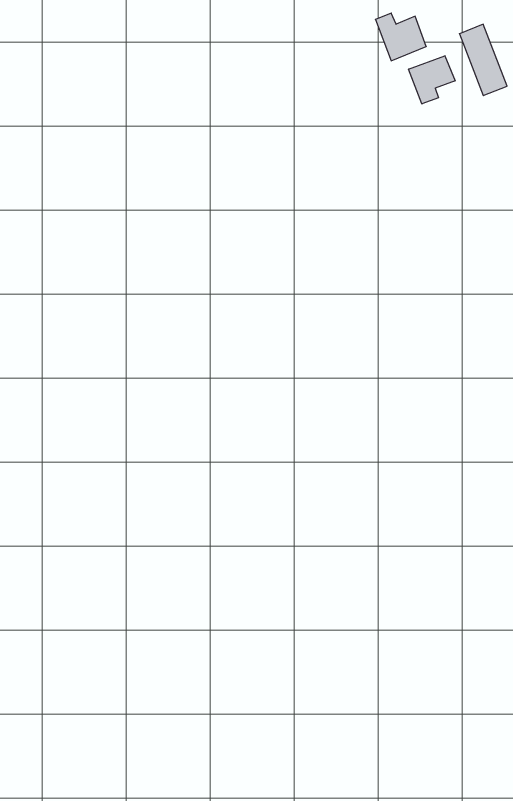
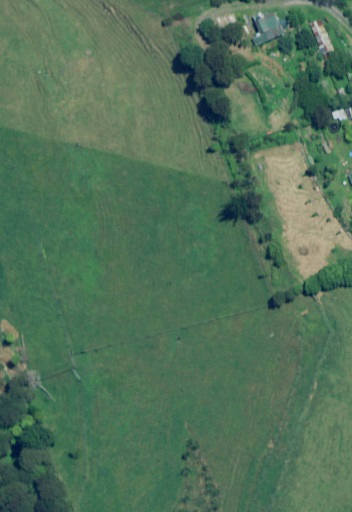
building: [409,56,455,104] -> none

